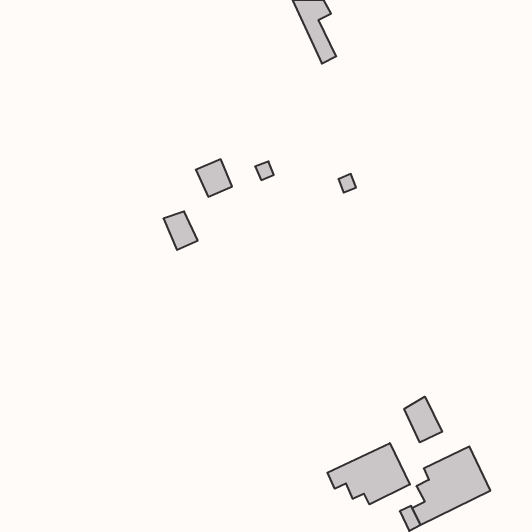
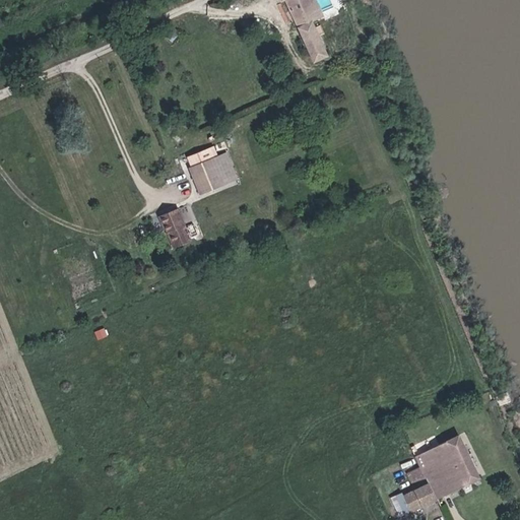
building: [404,397,442,442] -> none
building: [327,443,410,504] -> none

